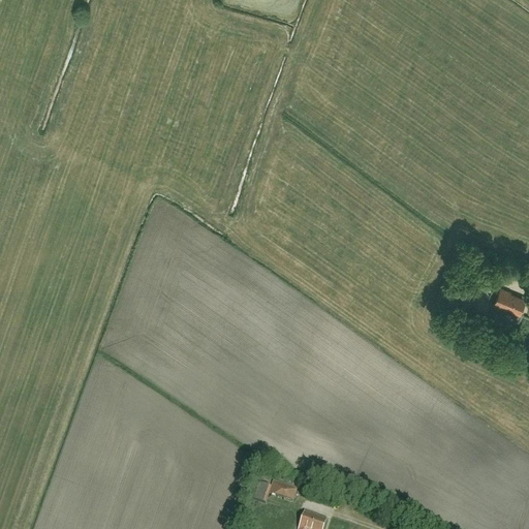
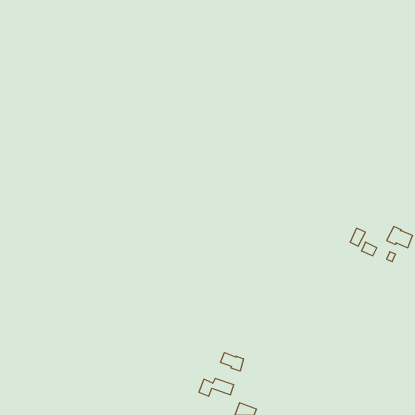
building: none -> [221,353,243,371]

